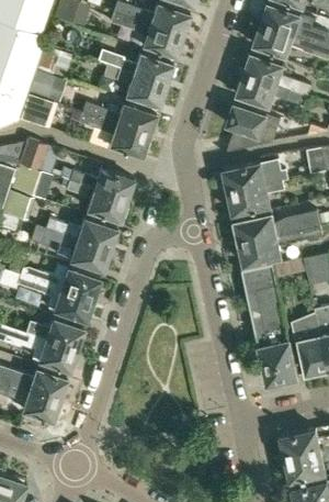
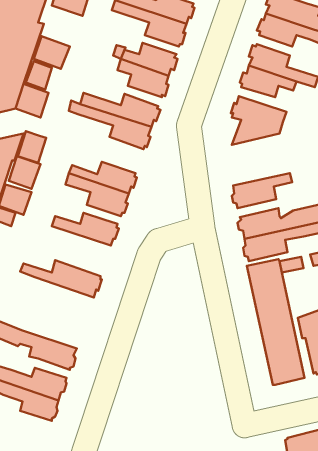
building: [222,161,283,192] -> none
building: [49,232,110,271] -> none
building: [19,276,93,322] -> none
building: [24,319,84,350] -> none

